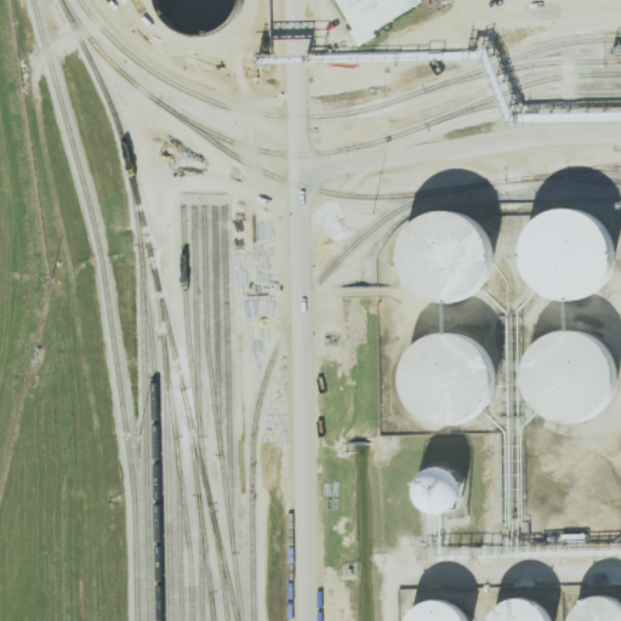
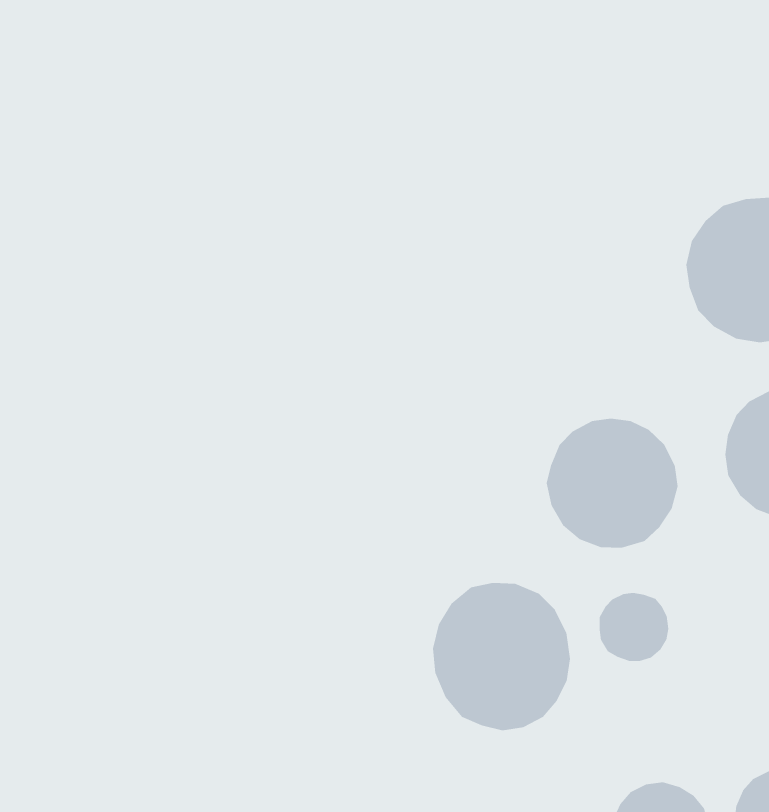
building: [395,207,491,304] -> none
building: none -> [432,582,571,731]

